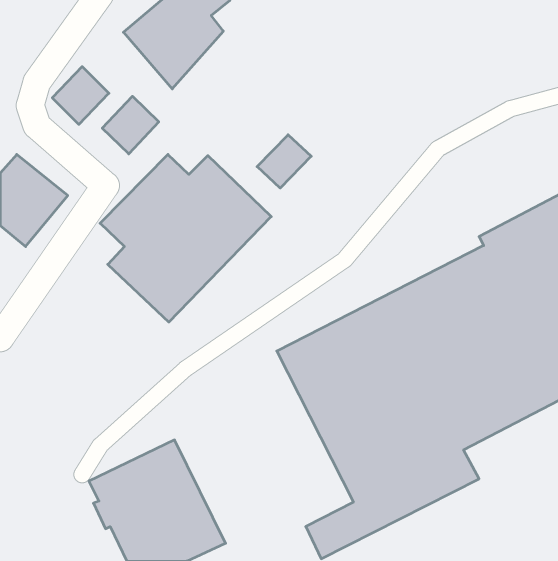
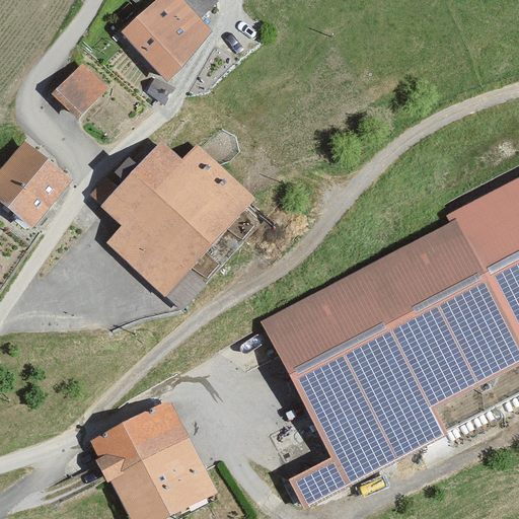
building: [102,96,159,154] -> none
building: [257,135,311,188] -> none

